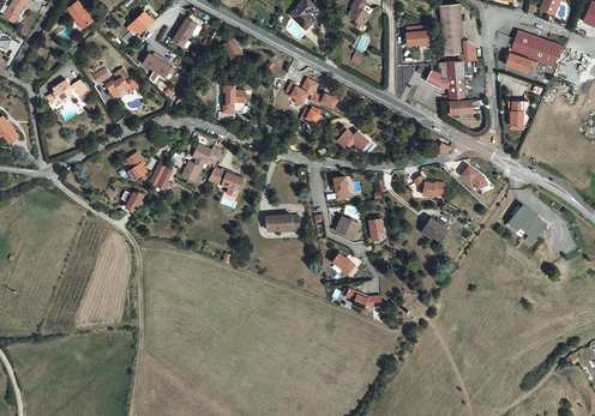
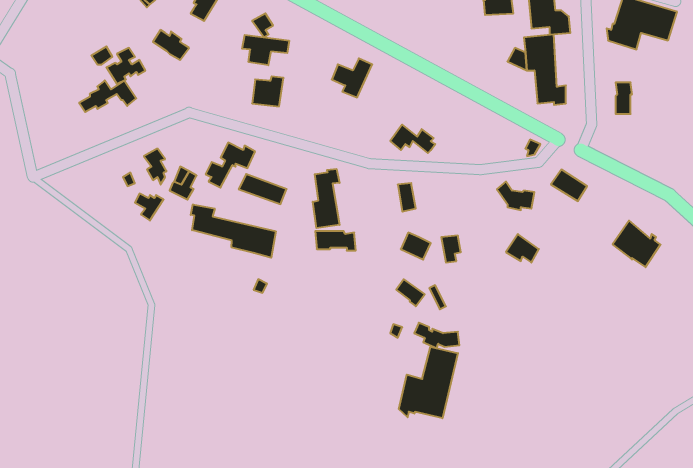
building: none -> [242,35,289,65]
building: [42,79,88,104] -> [79,80,136,112]
building: none -> [313,169,340,228]
building: none -> [191,204,276,258]
building: none -> [399,347,458,418]

